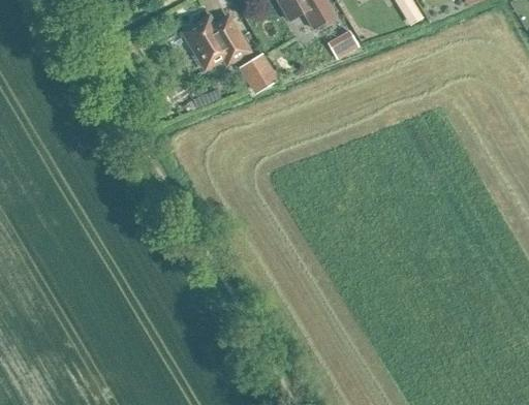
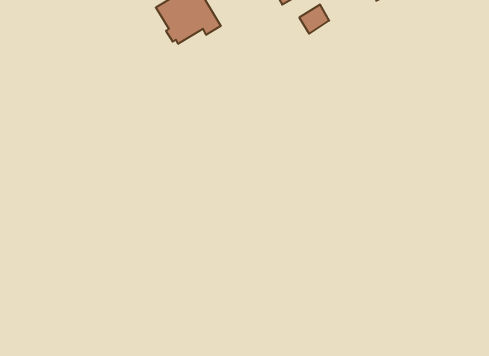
building: [244,53,277,87] -> none

